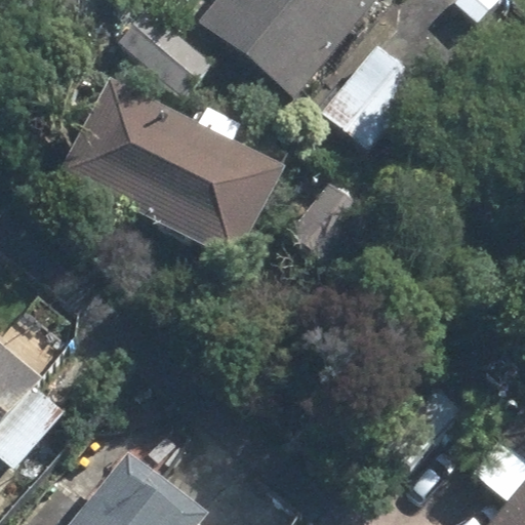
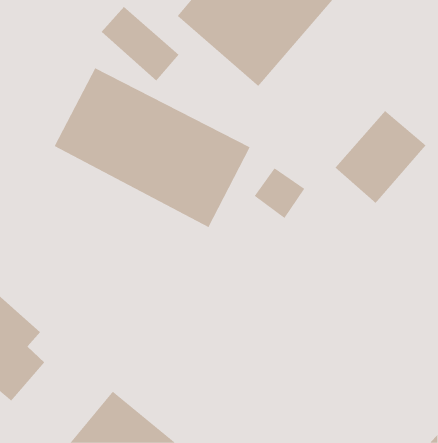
building: [317,40,423,149] -> [334,110,426,204]

